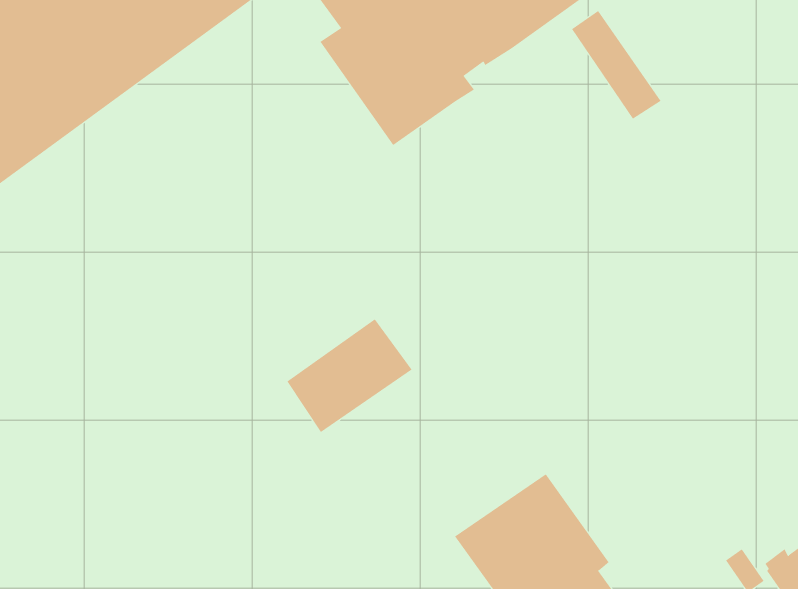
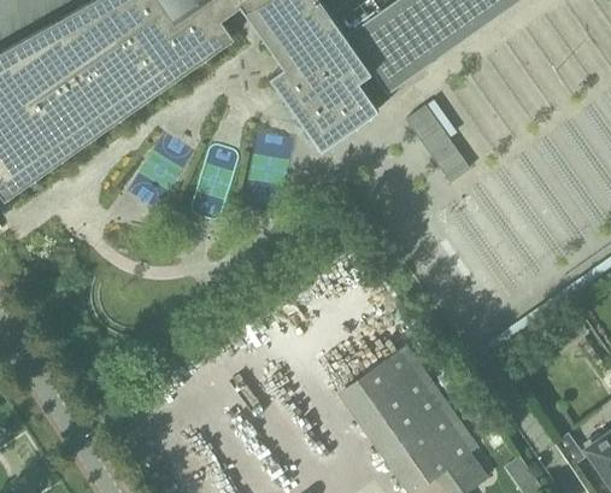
building: [571,10,661,119] -> [404,104,468,181]
building: [286,318,413,433] -> [341,345,430,425]

